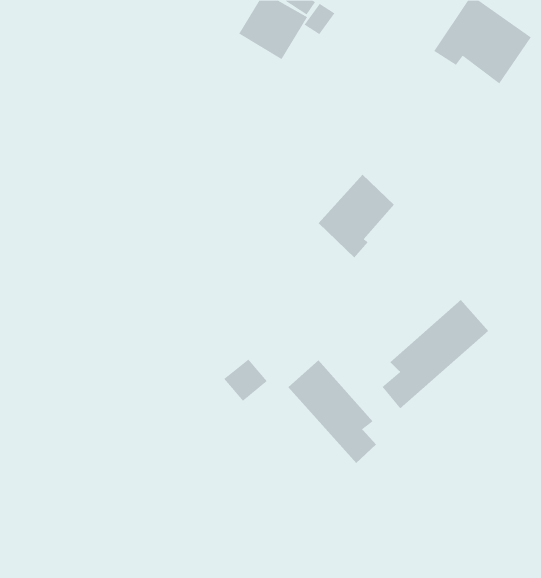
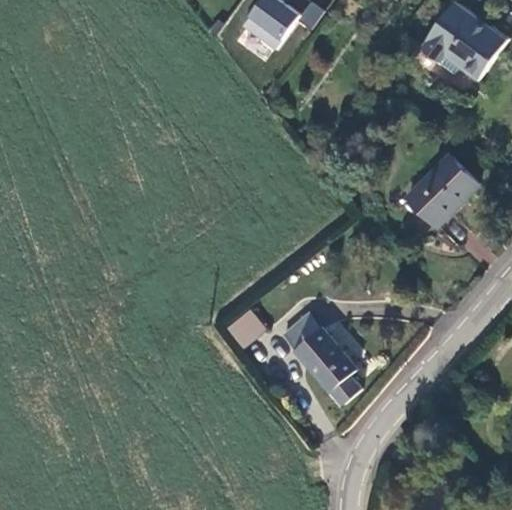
building: [318,174,395,259] -> [412,147,479,221]
building: [382,299,489,410] -> none

